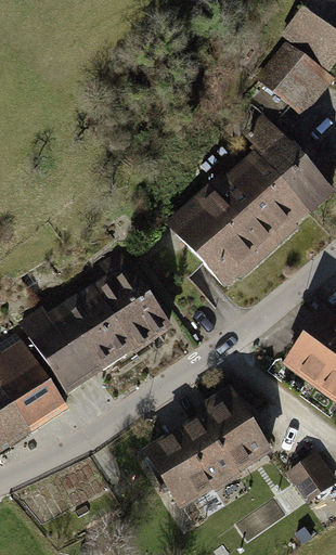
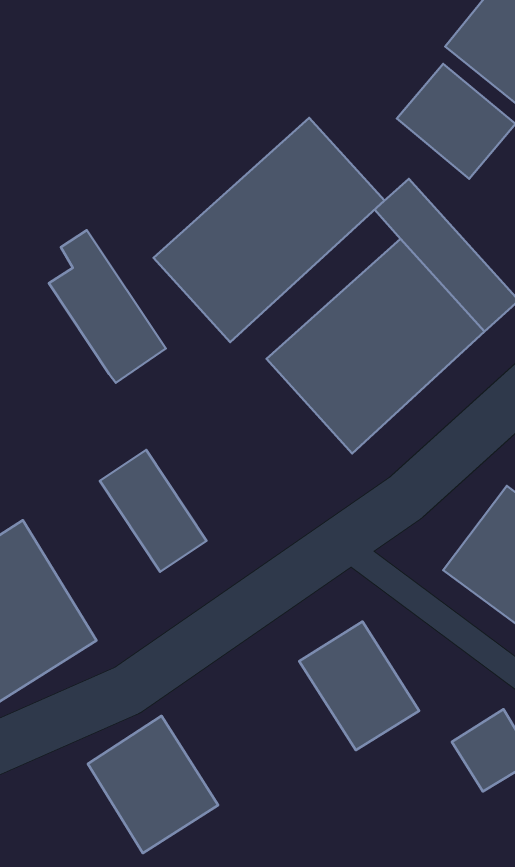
building: none -> [153,118,385,342]
building: [96,253,170,349] -> [49,230,166,383]
building: [25,306,105,387] -> none
building: [146,420,229,506] -> [88,716,218,853]

